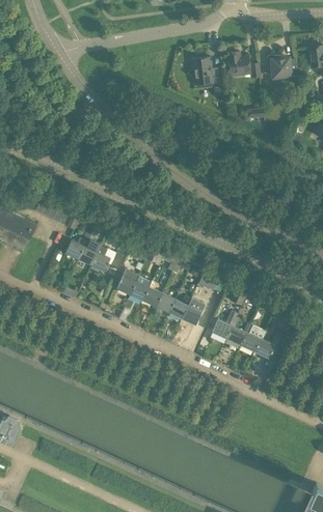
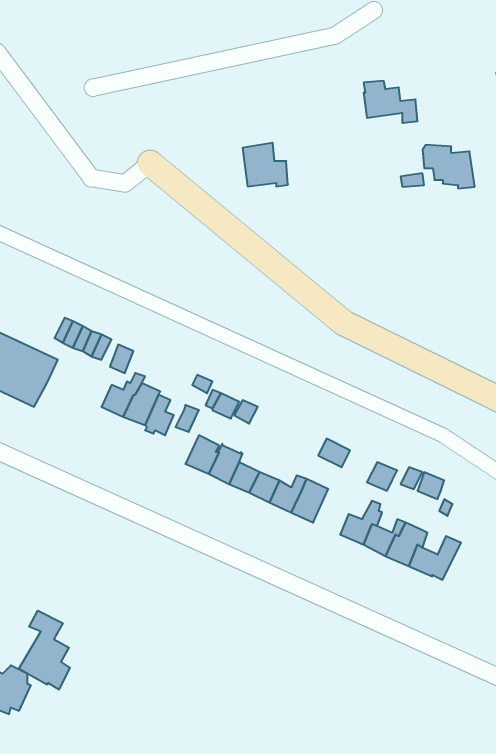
building: [266,55,298,82] -> [423,145,475,188]
building: [191,57,219,84] -> [243,143,288,186]
building: none -> [19,611,70,690]

